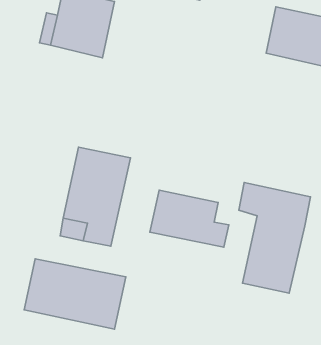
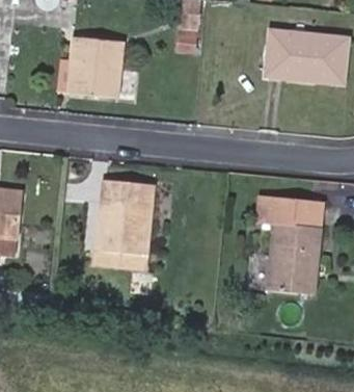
building: [150,190,229,247] -> none
building: [24,259,126,329] -> none

